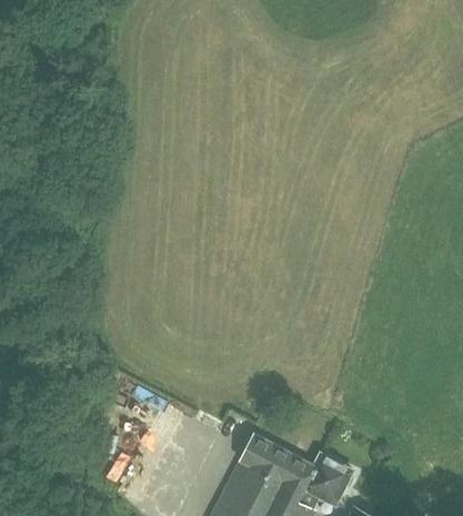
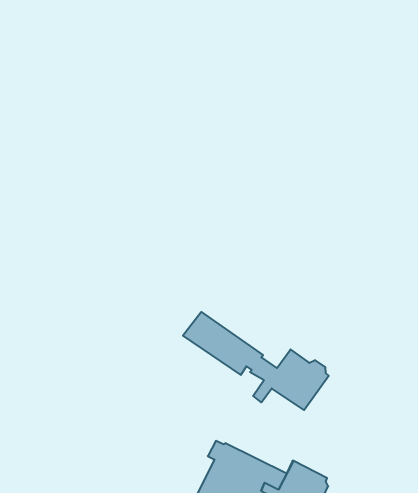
building: none -> [183,312,329,410]

